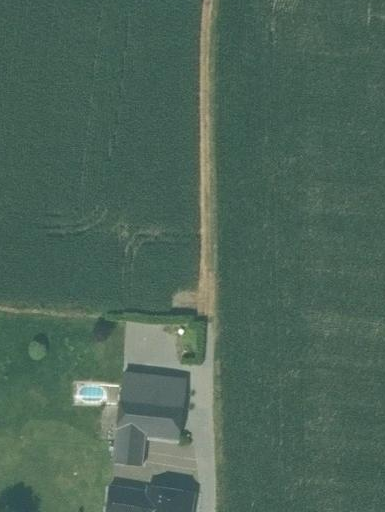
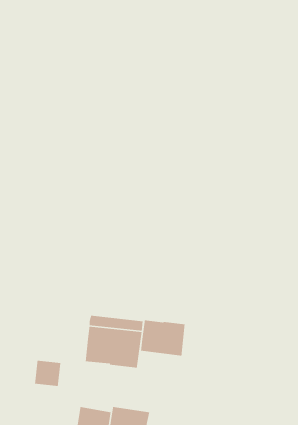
building: none -> [140,319,185,356]
building: [114,433,146,465] -> [34,360,61,387]

